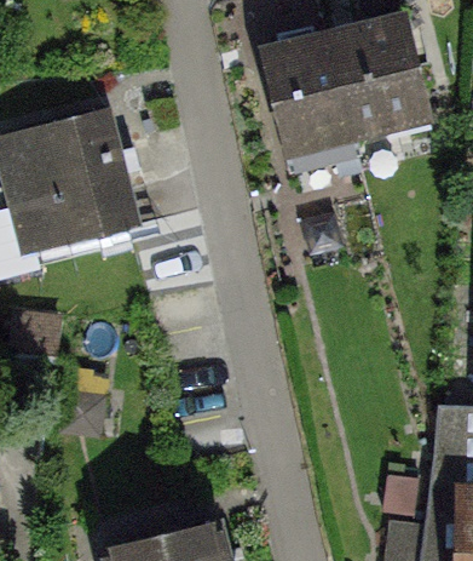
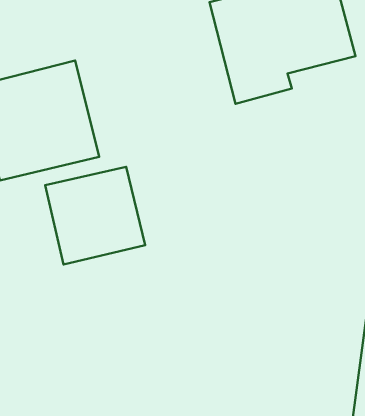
building: none -> [45,167,145,265]

